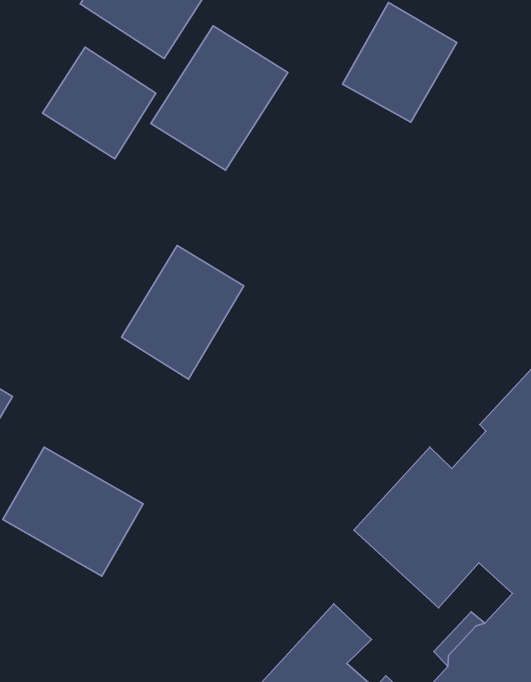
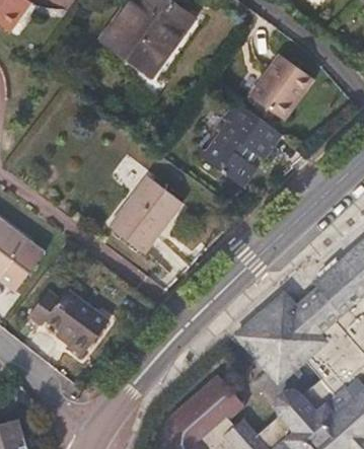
building: [151,26,288,170] -> [201,102,281,184]
building: [42,47,156,159] -> none

